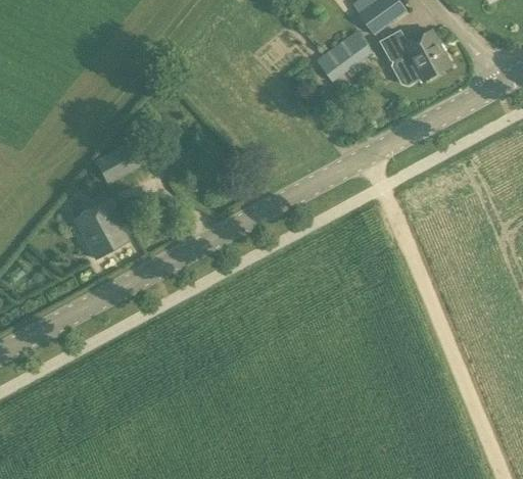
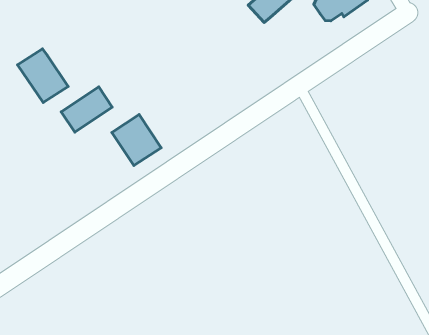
building: none -> [18,49,68,103]
building: [73,200,127,257] -> [112,115,161,166]

